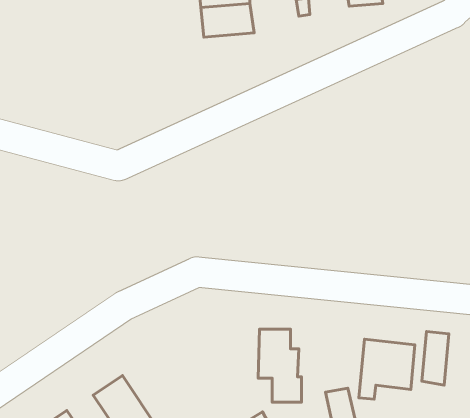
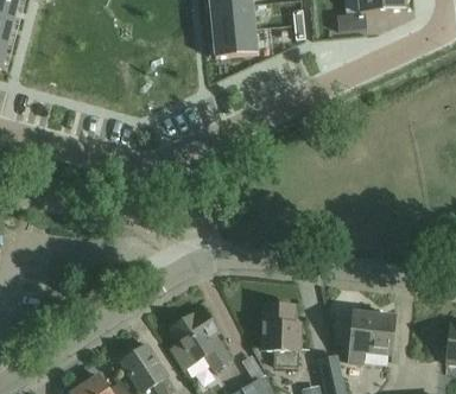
building: [422,332,449,385] -> none
building: none -> [170,307,228,370]

